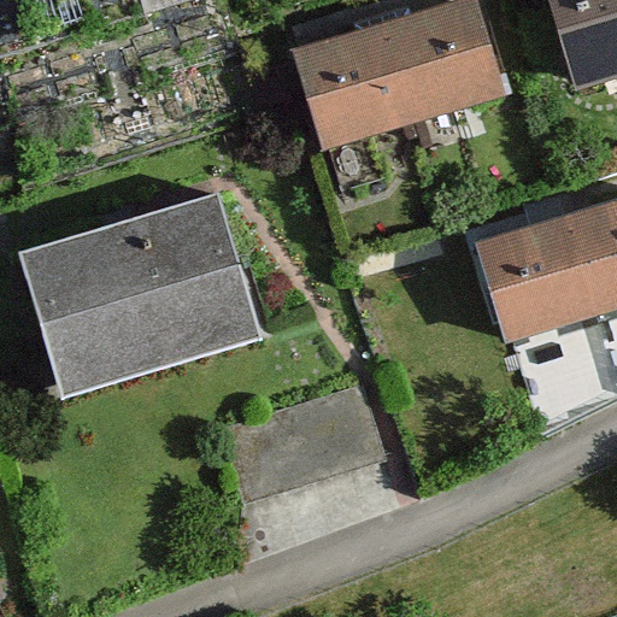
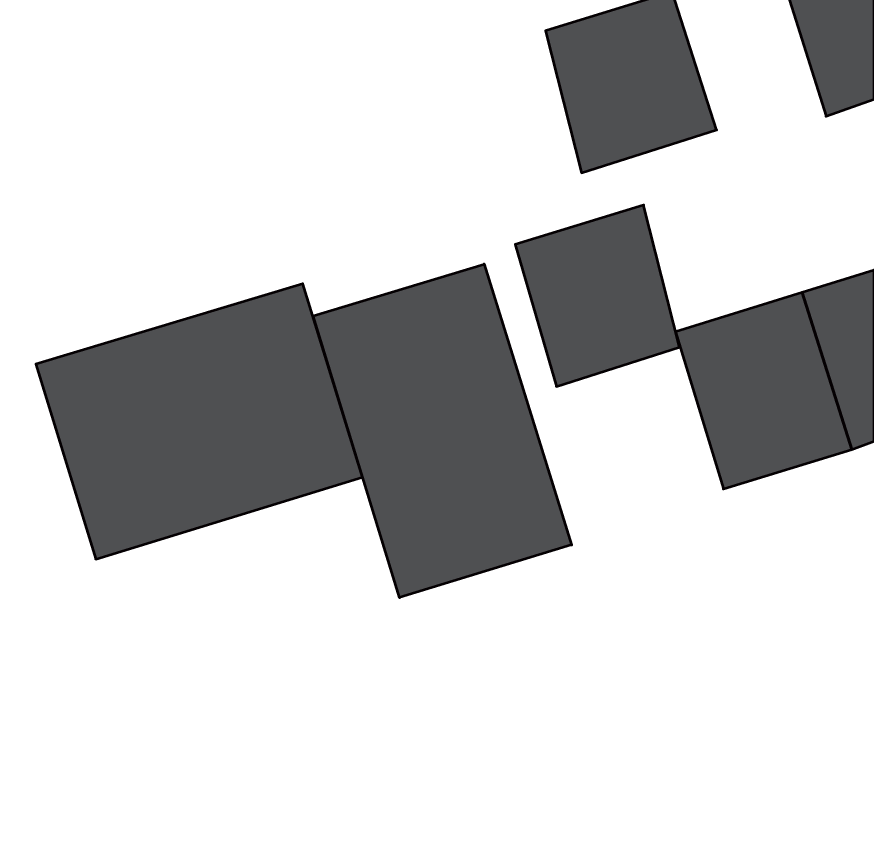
building: [294,22,410,149] -> [515,205,679,386]
building: none -> [313,264,572,598]

